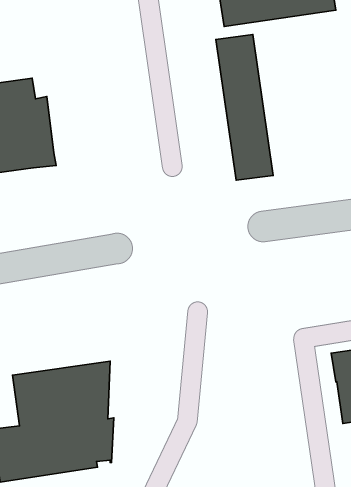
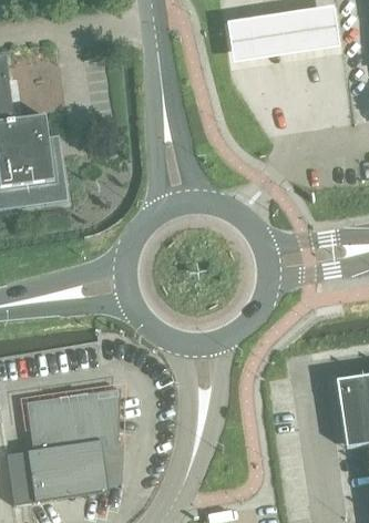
building: [216,35,273,180] -> none

